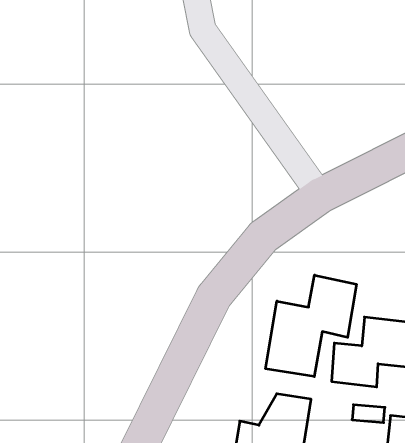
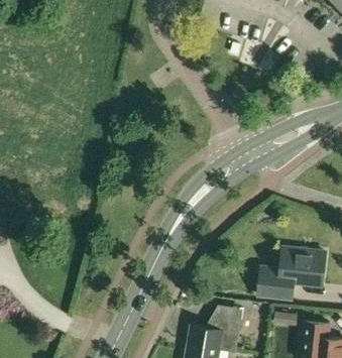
building: [266,275,356,377] -> none

